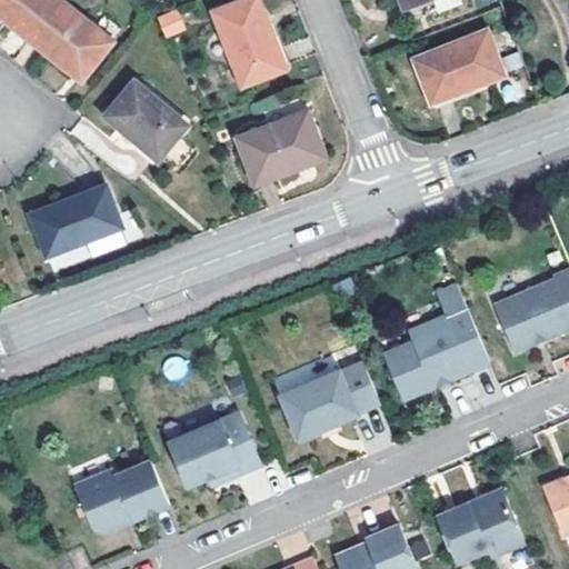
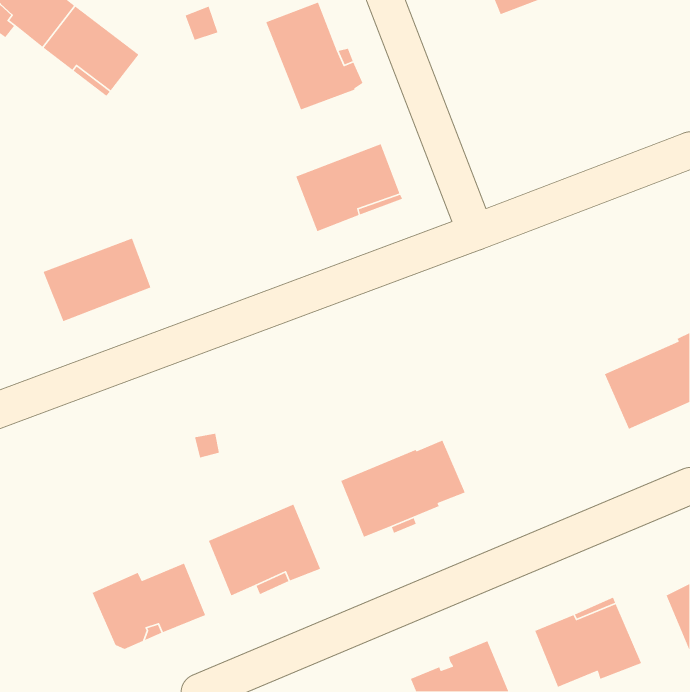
building: [408,37,508,112] -> none
building: [111,88,192,168] -> none
building: [380,306,487,398] -> none

